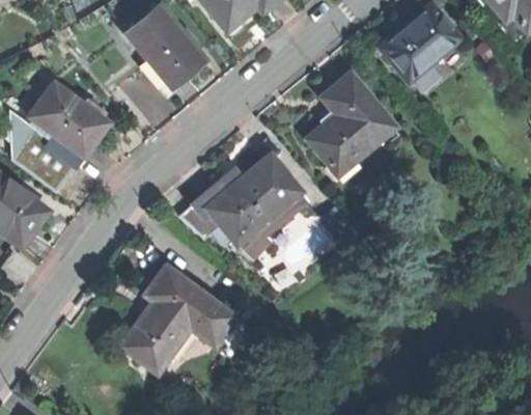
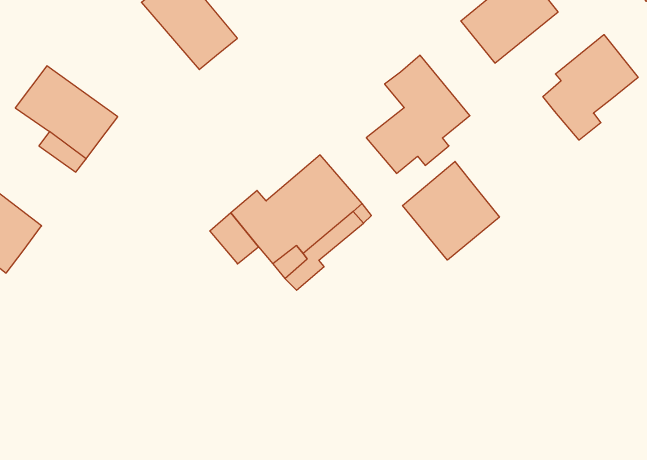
building: none -> [543,35,638,140]
building: none -> [403,161,499,260]
building: [119,266,233,371] -> none

